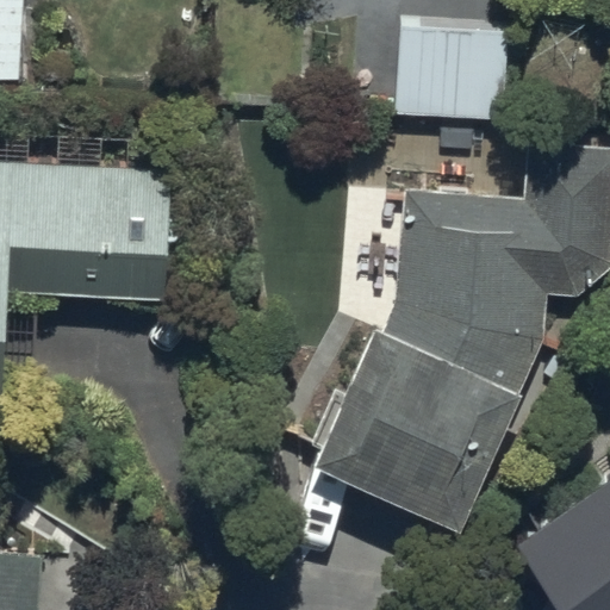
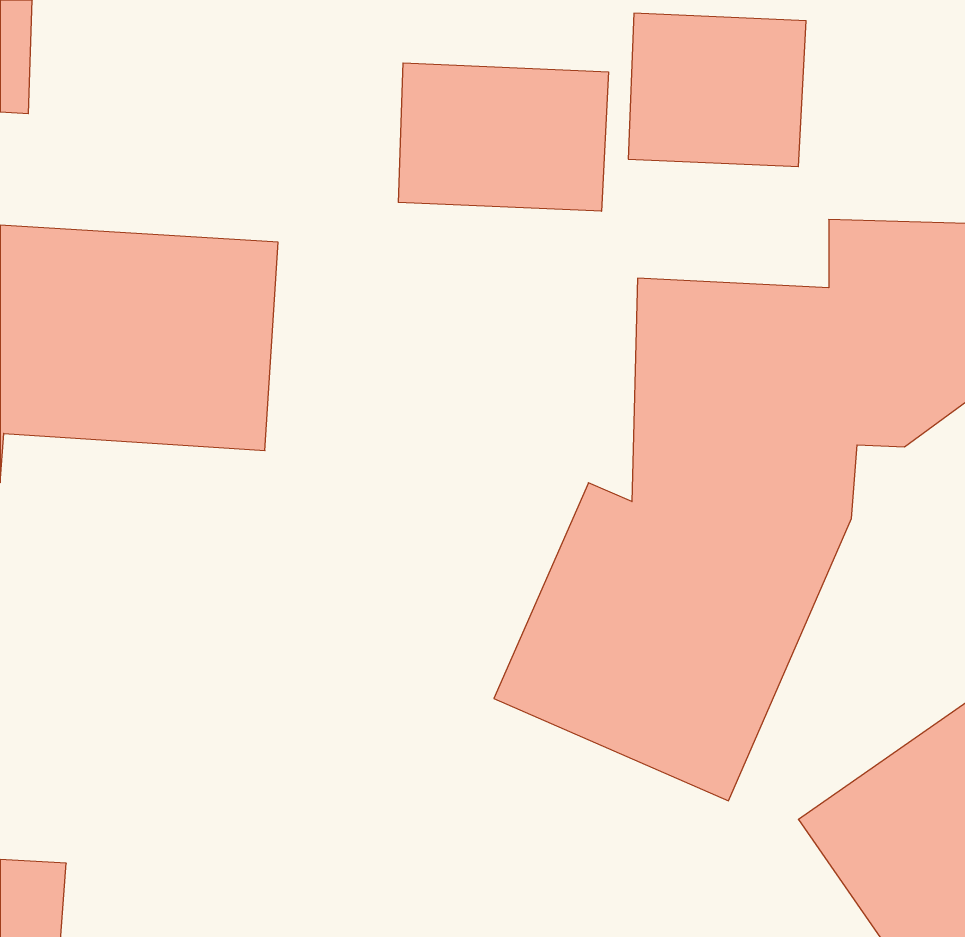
building: none -> [398,63,608,211]

